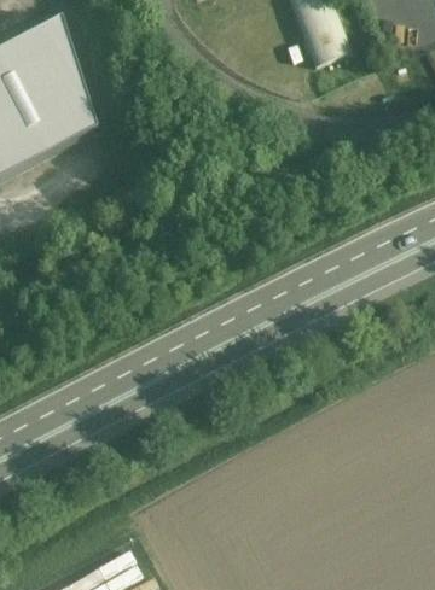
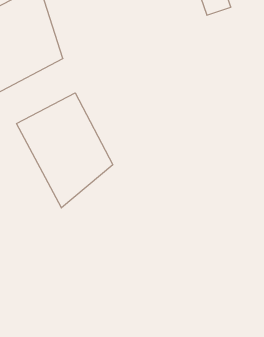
building: none -> [17,93,113,208]

